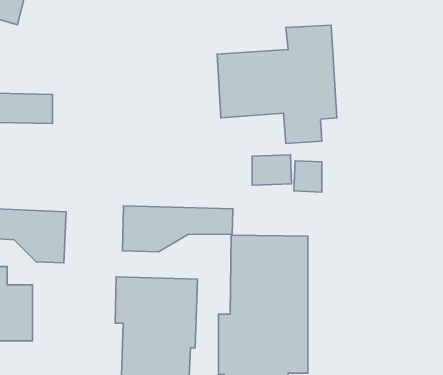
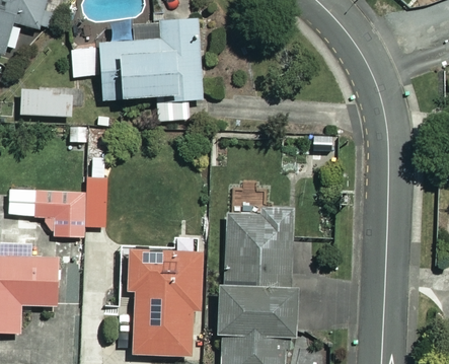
building: [217,25,337,144] -> [99,18,204,122]
building: [122,206,233,252] -> none

